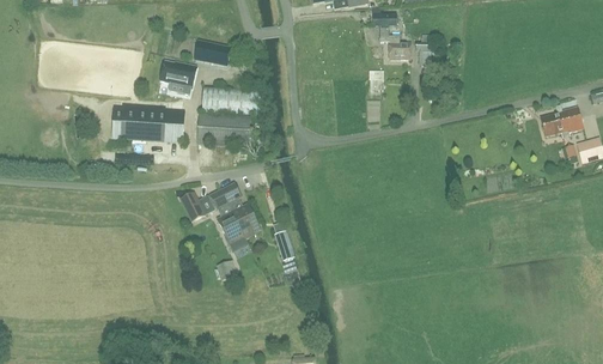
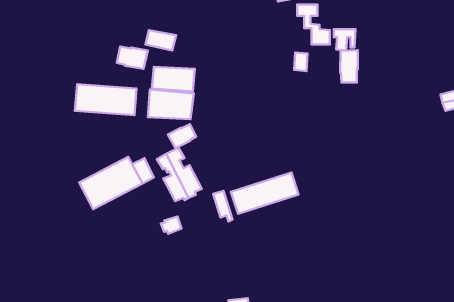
building: none -> [340,50,358,82]
building: none -> [168,124,196,148]
building: none -> [79,157,142,209]
building: none -> [231,172,299,214]

